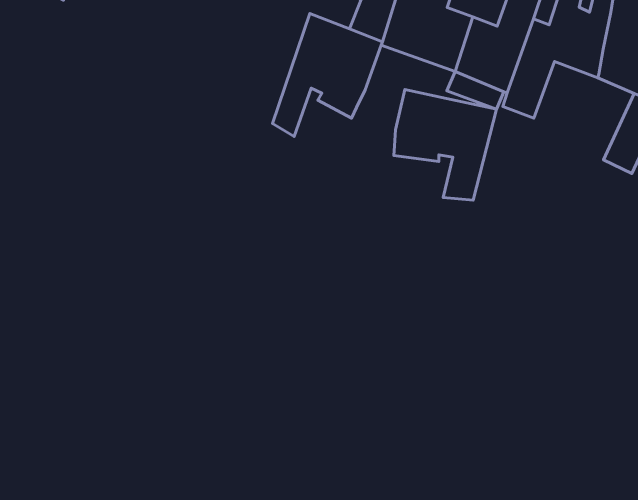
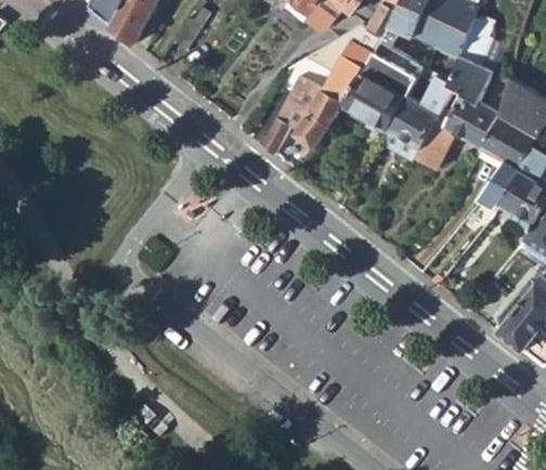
building: [394,90,497,200] -> none

